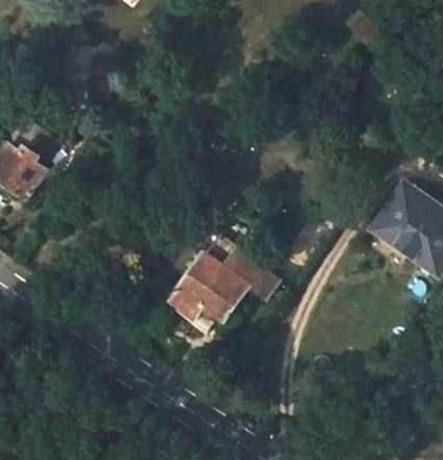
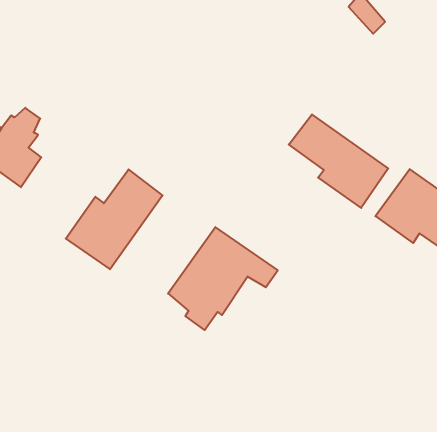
building: none -> [289,114,388,208]
building: none -> [66,169,163,269]

